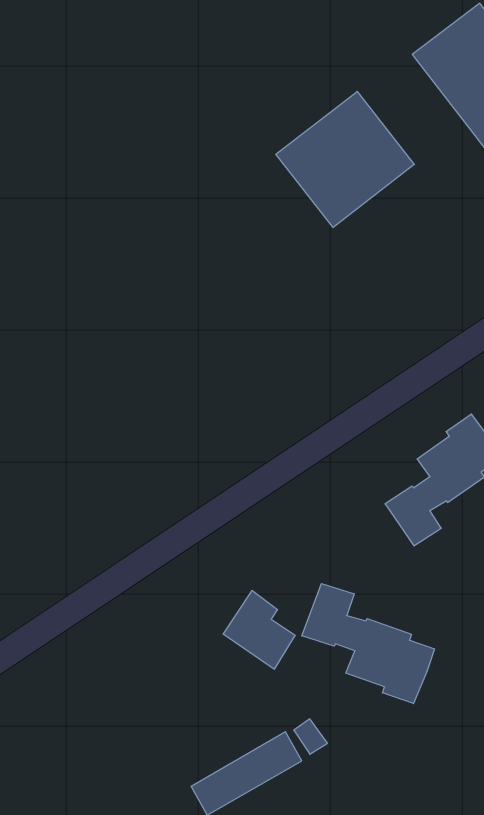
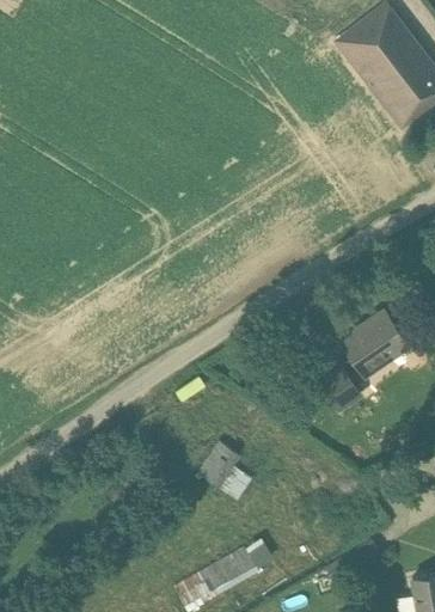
building: [276,91,414,227] -> none
building: [302,584,435,704] -> none

